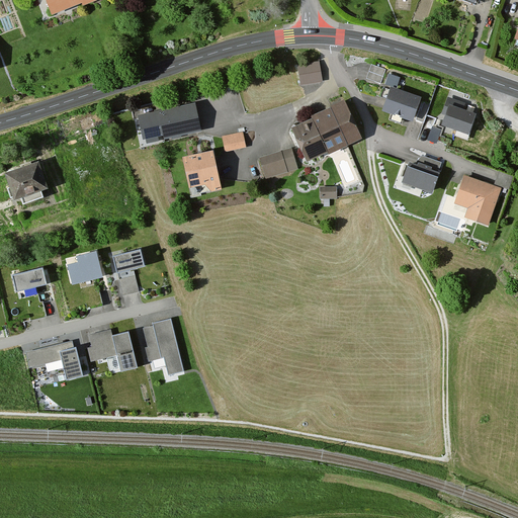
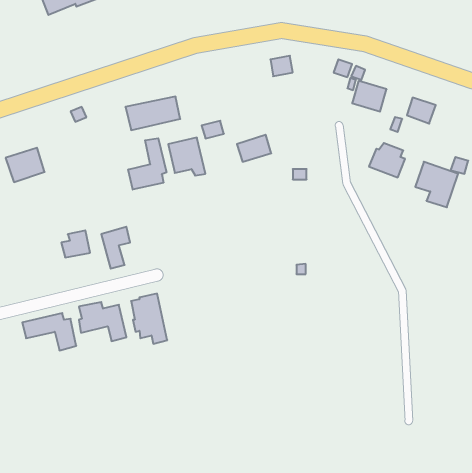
building: [292,100,360,163] -> none
building: none -> [128,138,166,190]
building: [10,266,46,289] -> none

